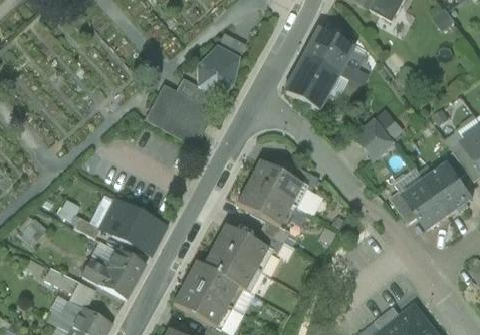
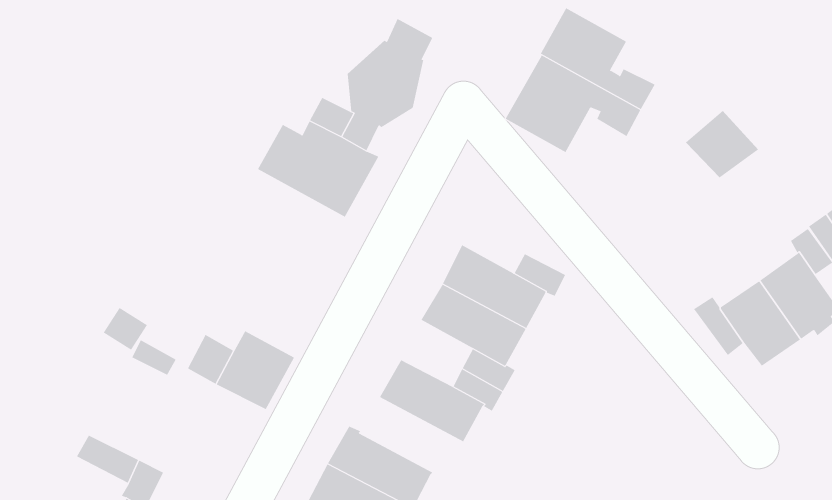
building: [352,117,394,155] -> [685,110,759,178]
building: [202,245,260,291] -> none
building: [81,248,144,297] -> none

